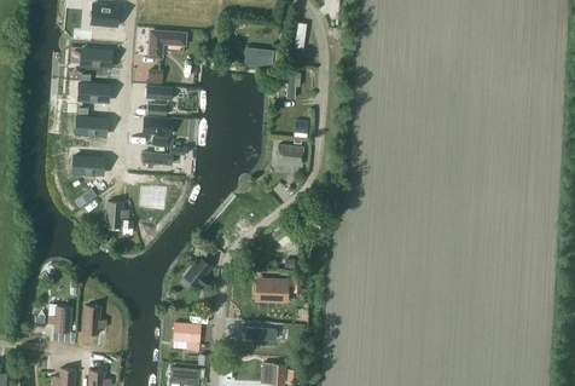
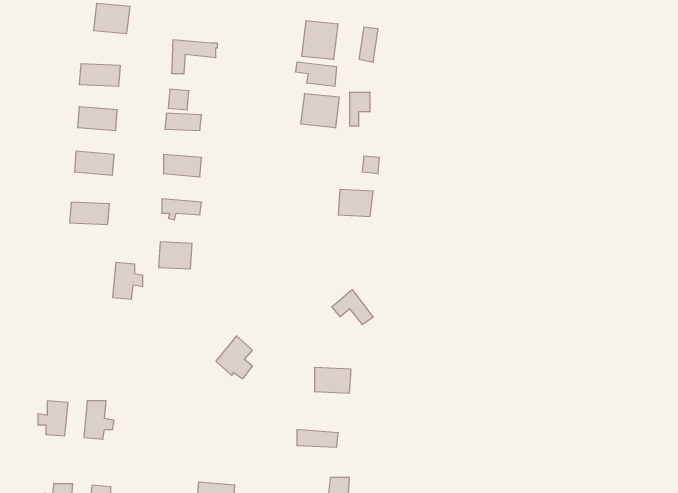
building: none -> [302,21,338,60]
building: none -> [301,93,339,128]
building: [173,323,201,351] -> none

